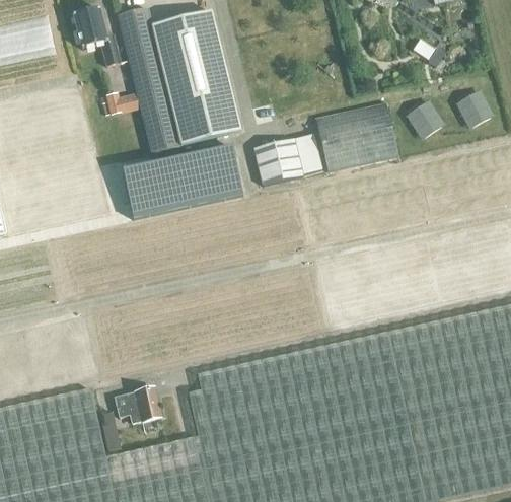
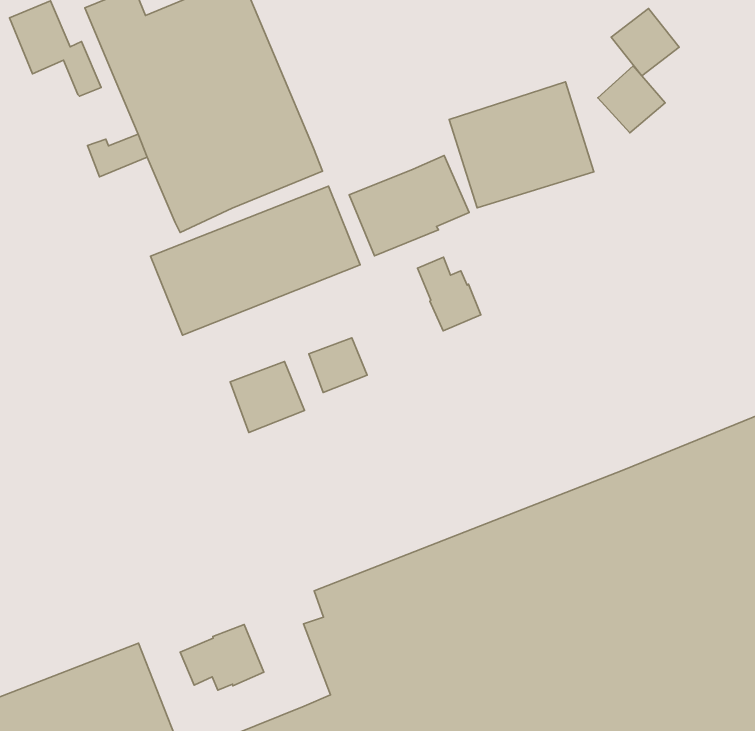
building: [456,91,495,130] -> [611,8,679,76]
building: none -> [417,257,481,331]
building: none -> [309,338,367,393]
building: none -> [230,361,305,433]

